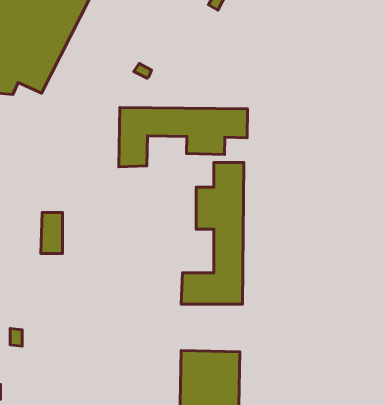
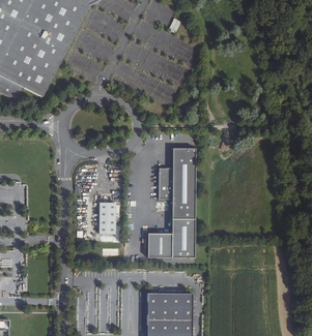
building: [119,108,248,167] -> none
building: [41,213,62,253] -> [98,203,115,234]

